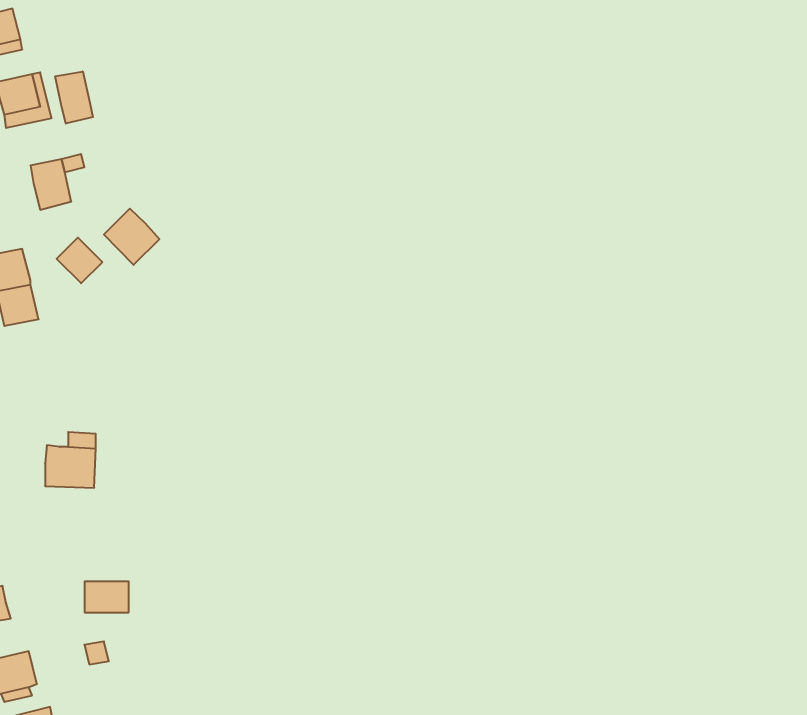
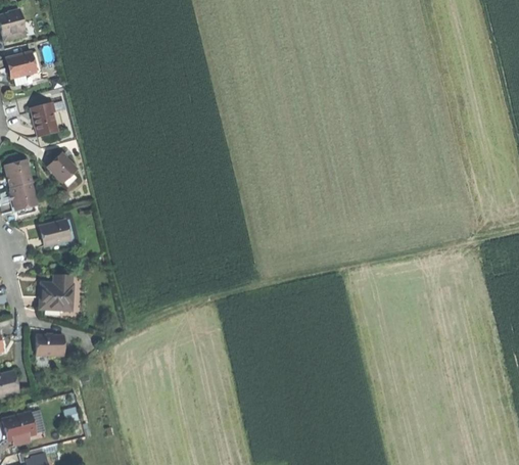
building: [55,71,93,124] -> none
building: [104,209,159,265] -> none
building: none -> [40,220,70,245]
building: [85,581,129,612] -> [36,335,63,355]

